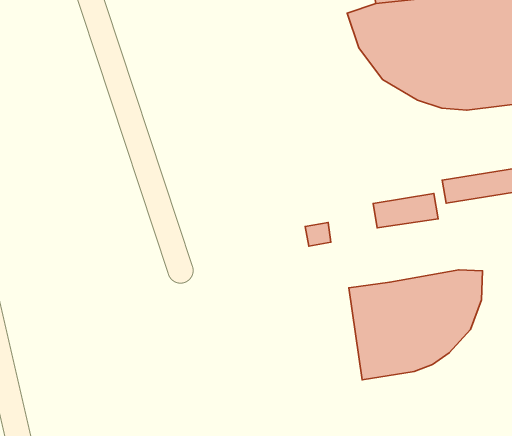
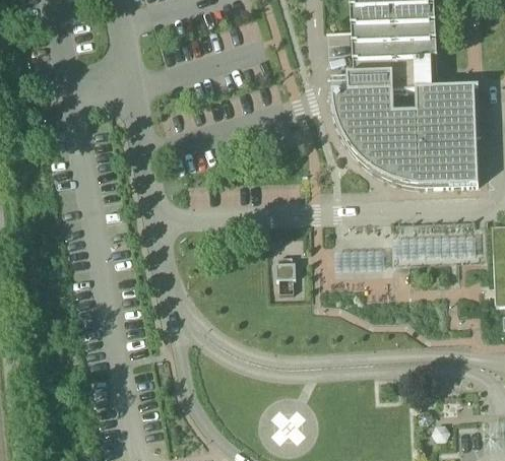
building: [349,270,482,380] -> none

